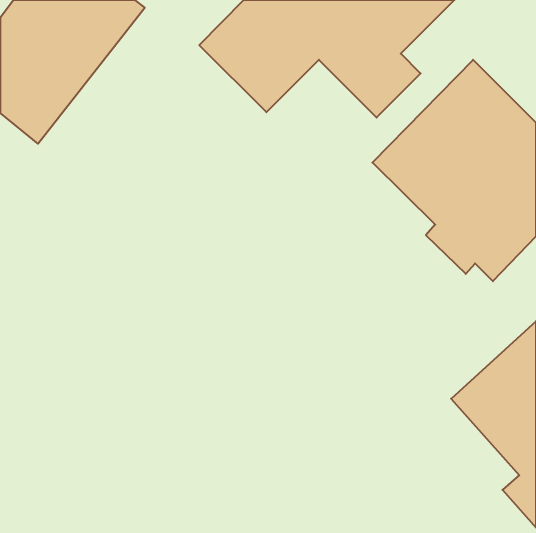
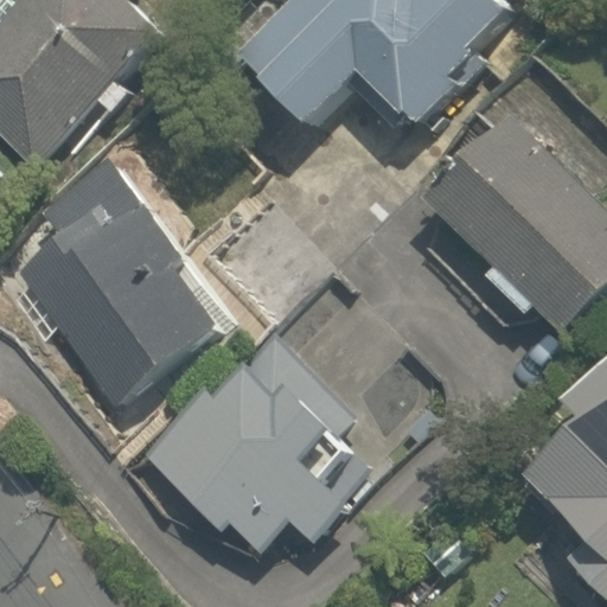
building: none -> [28,194,222,398]
building: none -> [141,344,345,552]

